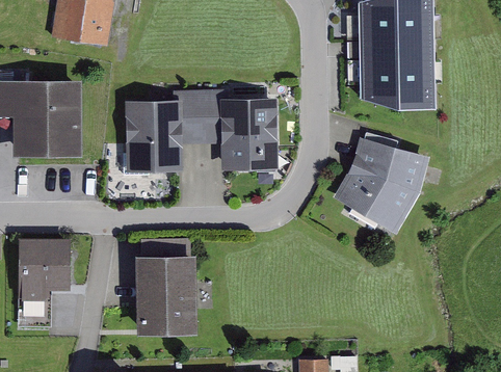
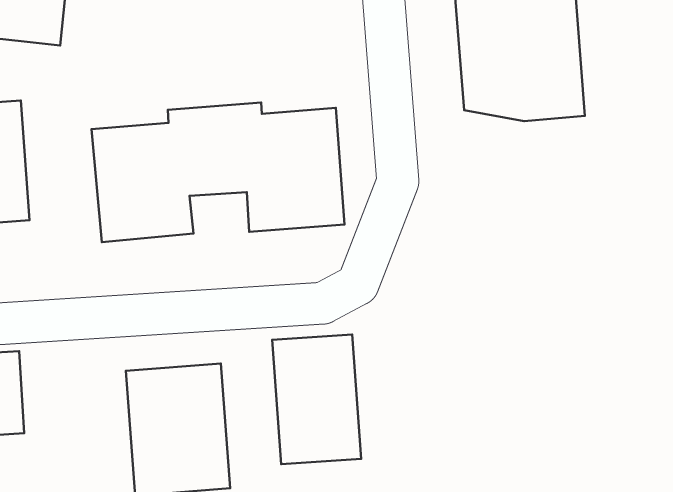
building: [333,134,429,235] -> none
building: none -> [272,334,361,464]

